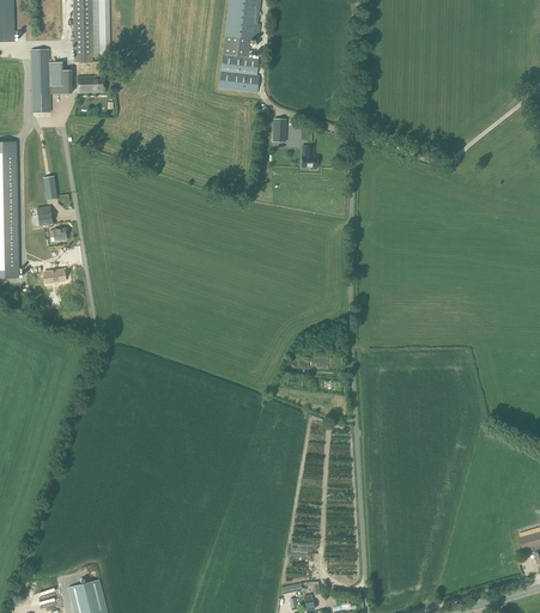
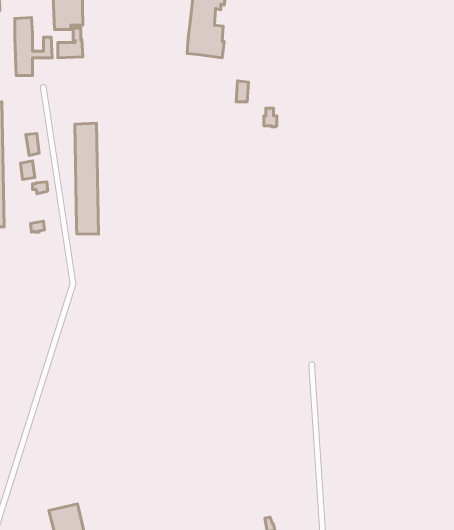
building: none -> [75,123,98,234]

